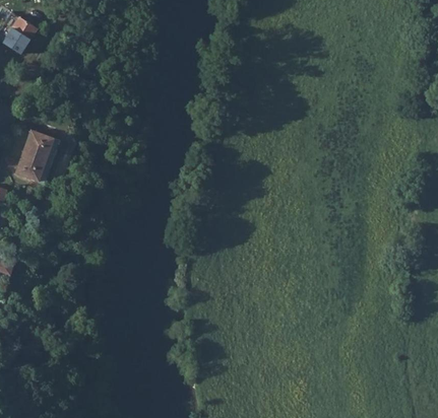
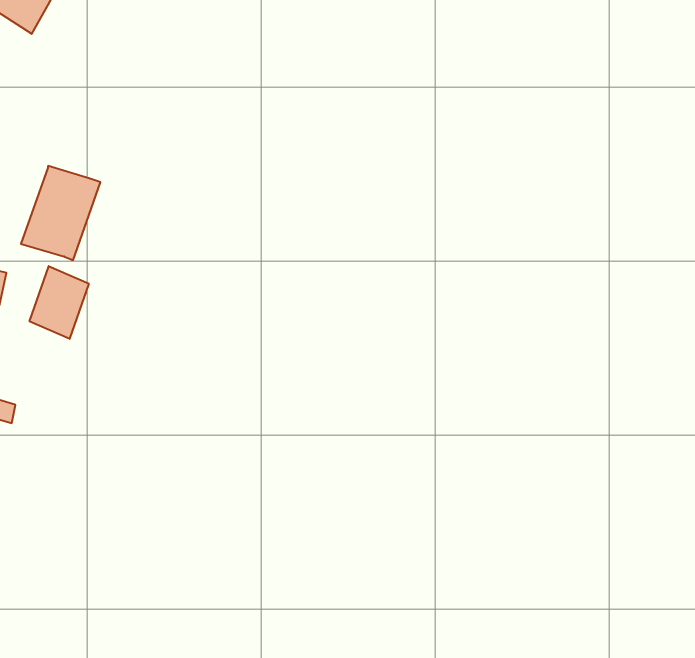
building: none -> [30,266,89,339]

